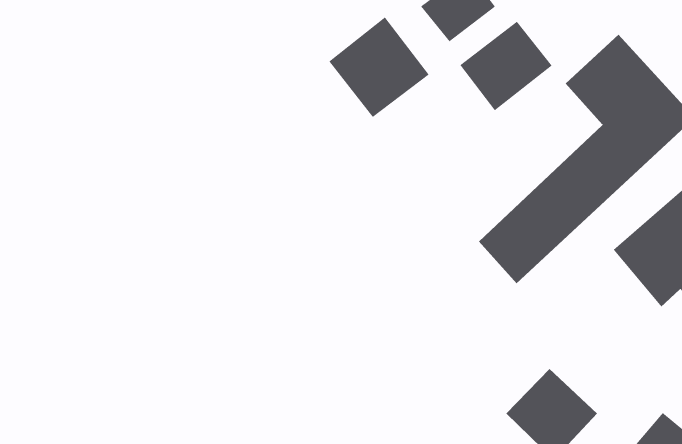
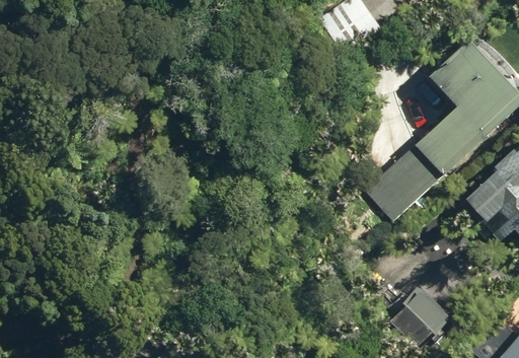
building: [328,17,429,118] -> none
building: [459,21,553,111] -> none

